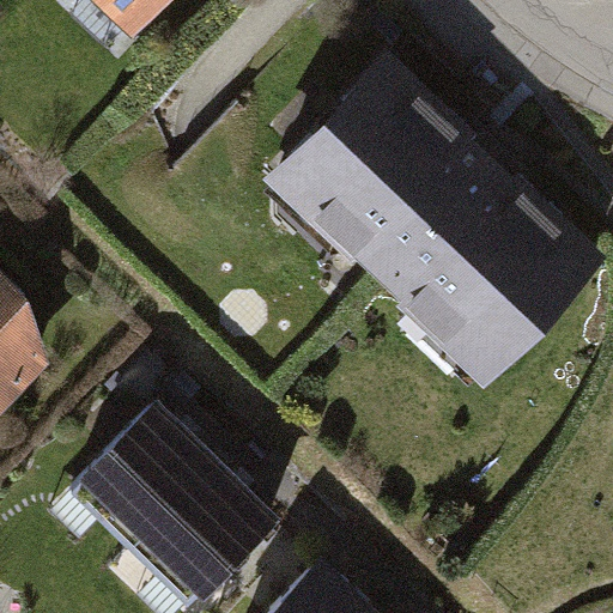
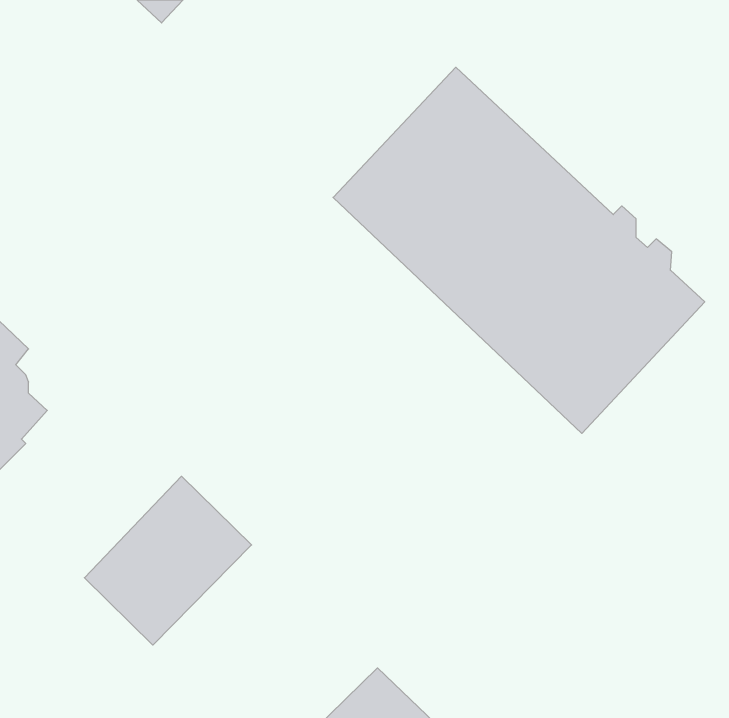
building: [128,467,269,607] -> none

